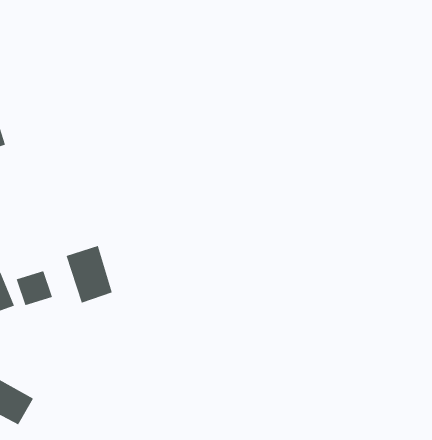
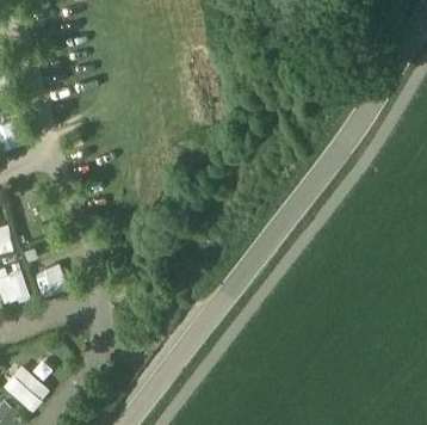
building: [66,245,113,304] -> none

